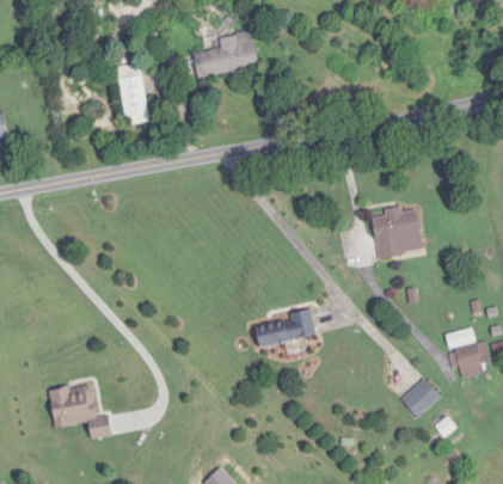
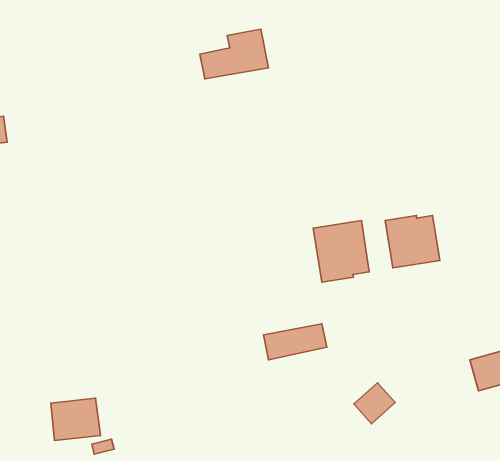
building: [117,61,147,118] -> none
building: none -> [313,220,369,282]
building: [400,378,440,417] -> [354,383,395,424]

